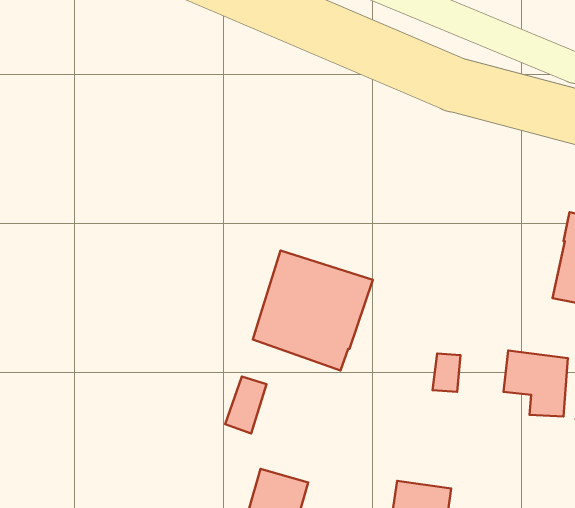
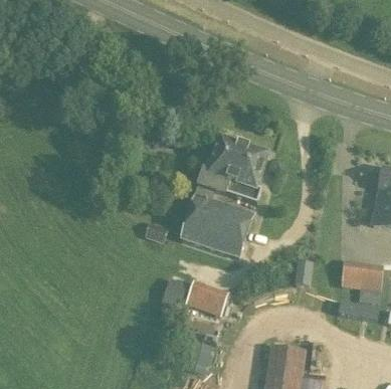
building: none -> [200,137,266,200]
building: none -> [185,275,228,312]

